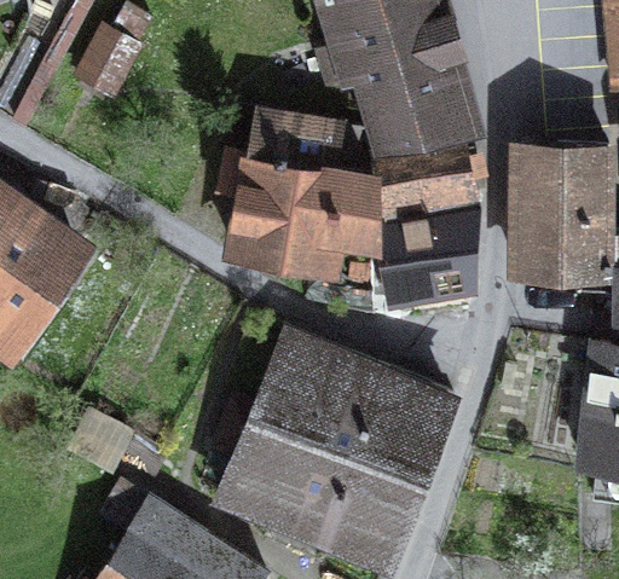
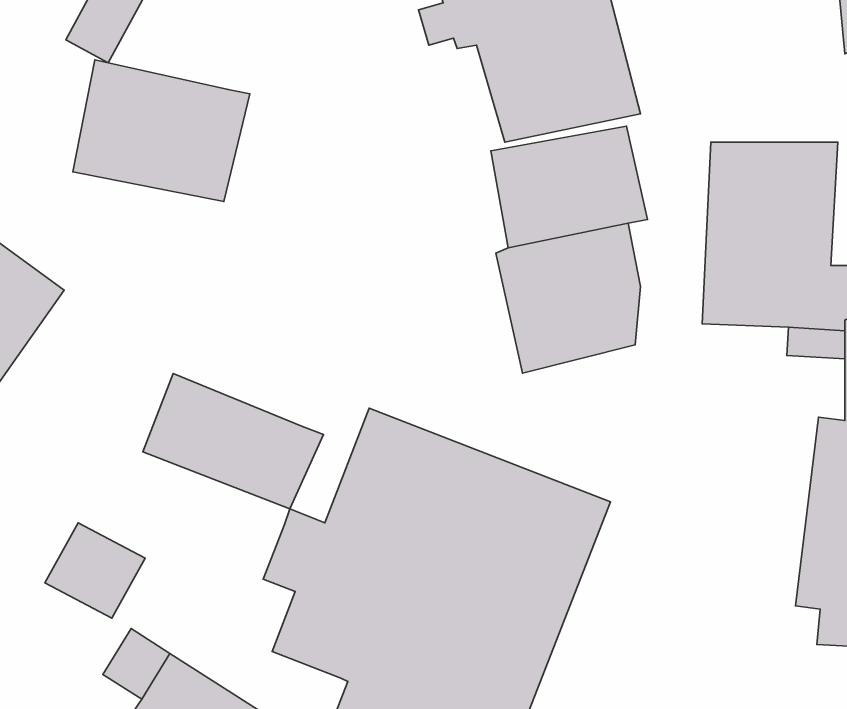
building: none -> [73,60,250,202]
building: [225,110,375,272] -> none
building: none -> [143,374,324,509]

